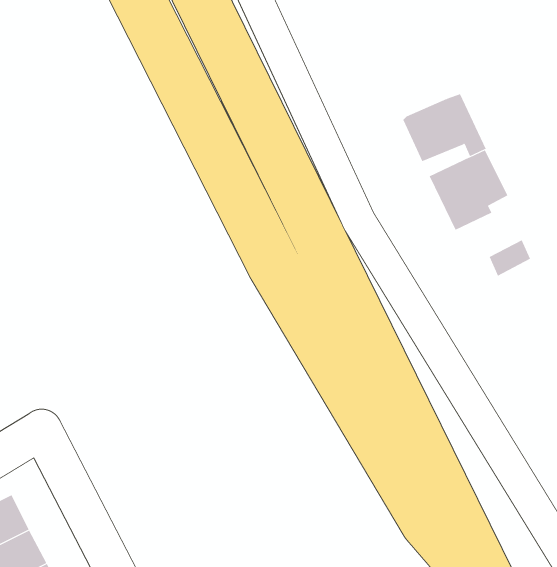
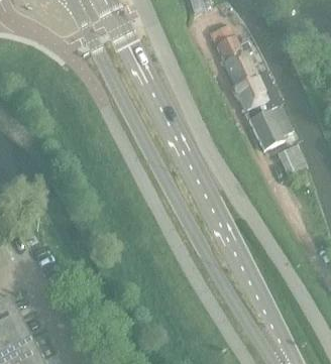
building: none -> [210,24,258,84]

